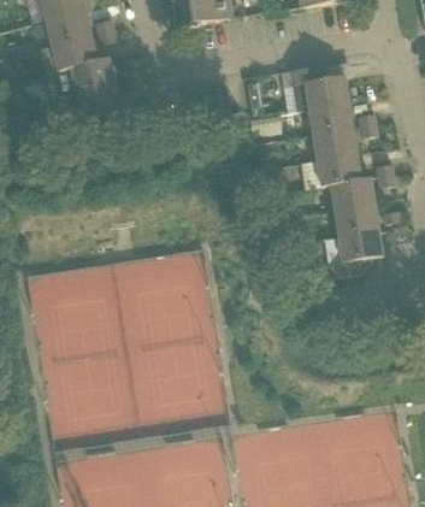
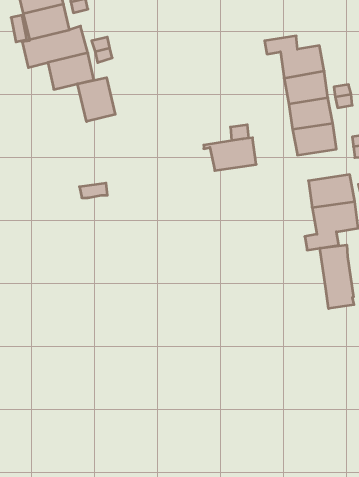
building: none -> [77,78,115,122]
building: [323,175,374,207] -> [204,138,256,171]
building: none -> [320,245,354,309]

